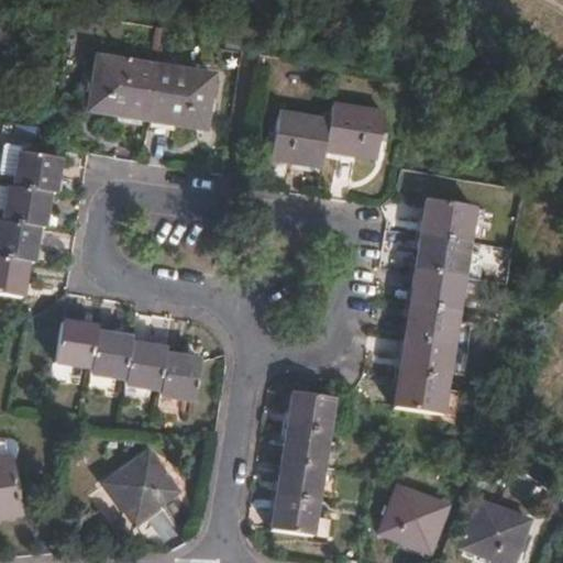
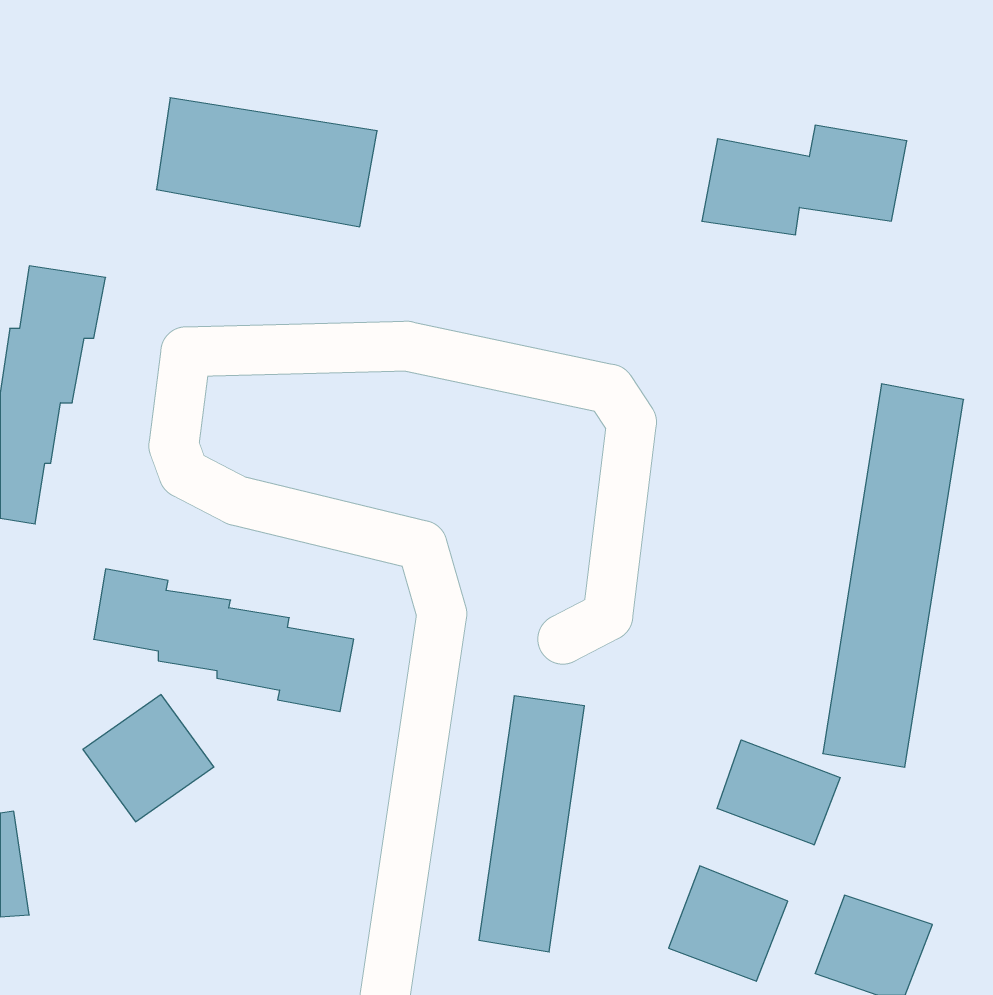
building: [271,103,386,165] -> [702,125,907,235]
building: [396,199,475,415] -> [823,384,964,767]
building: none -> [717,740,840,845]
building: [104,452,178,523] -> [83,695,214,822]

